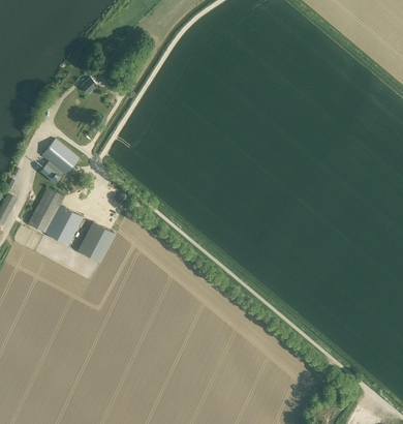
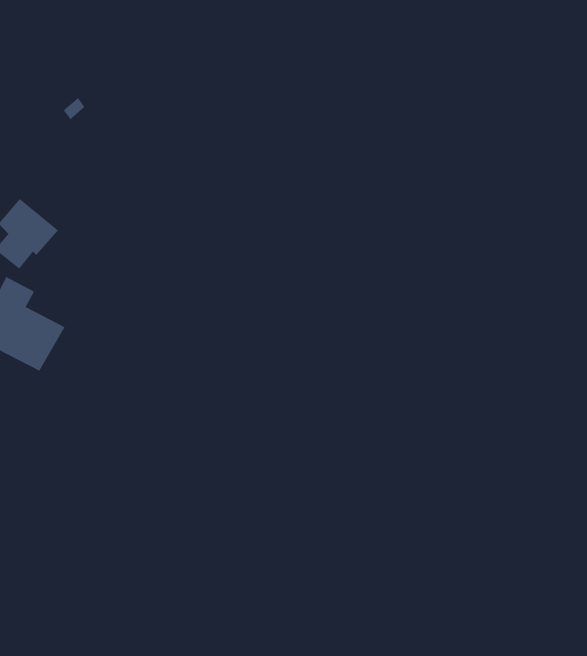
building: [78,221,115,262] -> none

